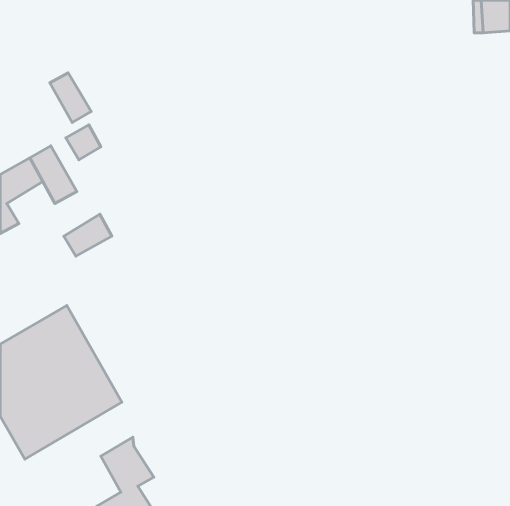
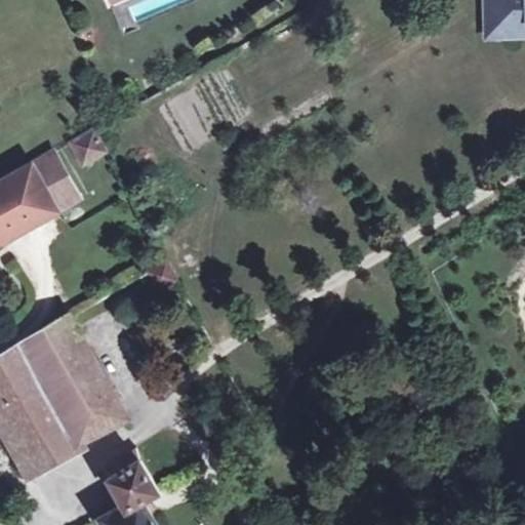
building: [50,73,91,123] -> none
building: [64,214,112,256] -> [7,191,56,234]

